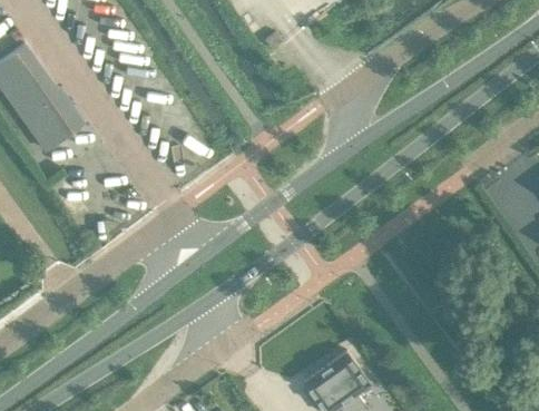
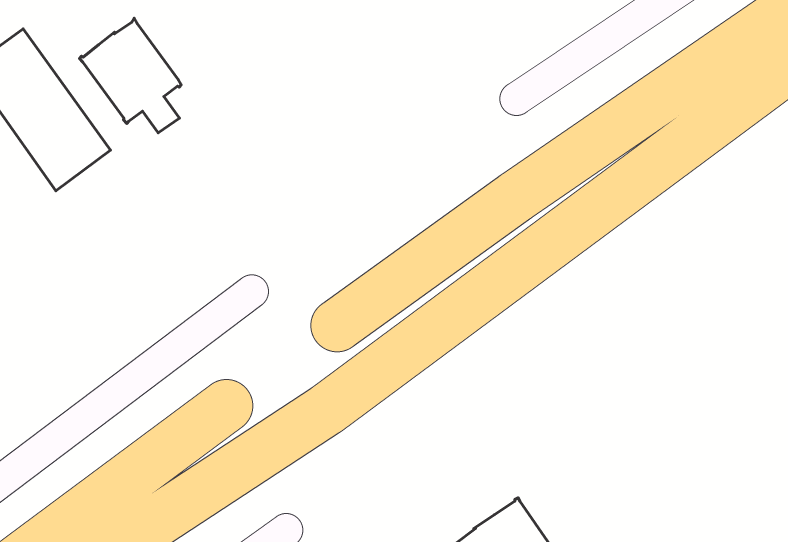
building: none -> [79,18,181,133]

